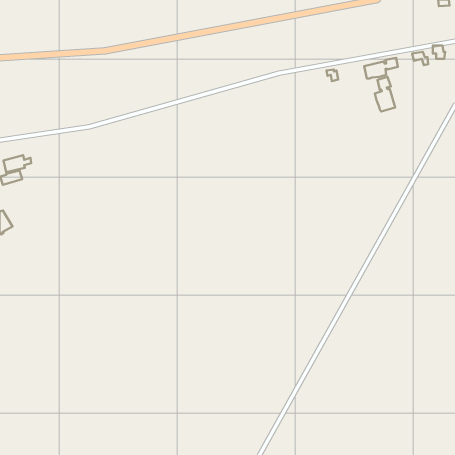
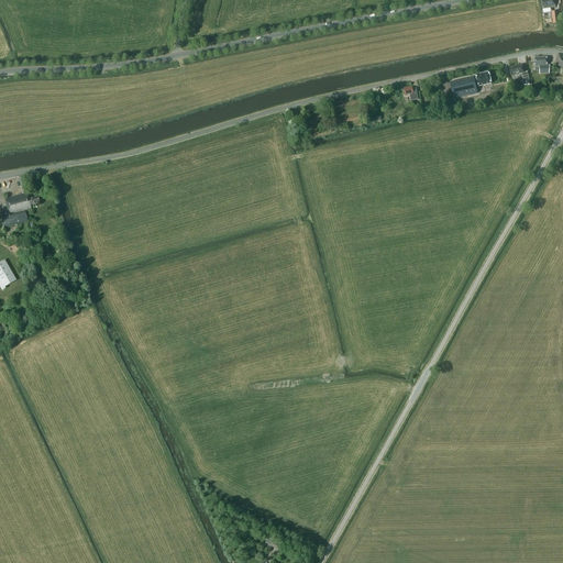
building: [375,77,395,112] -> none

